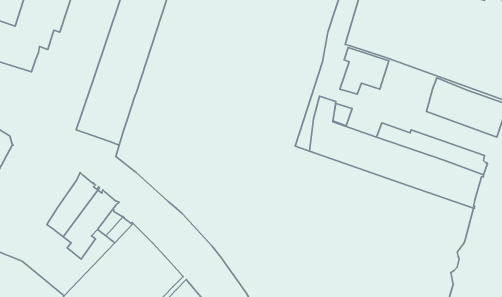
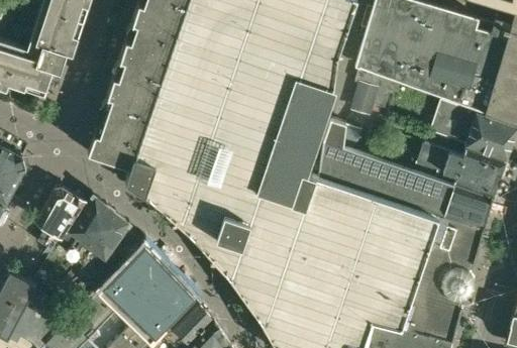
building: none -> [421,143,505,179]
building: none -> [37,189,85,253]

